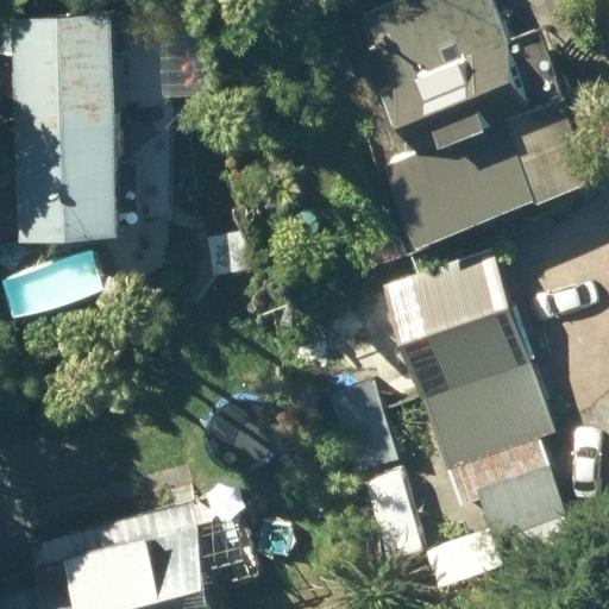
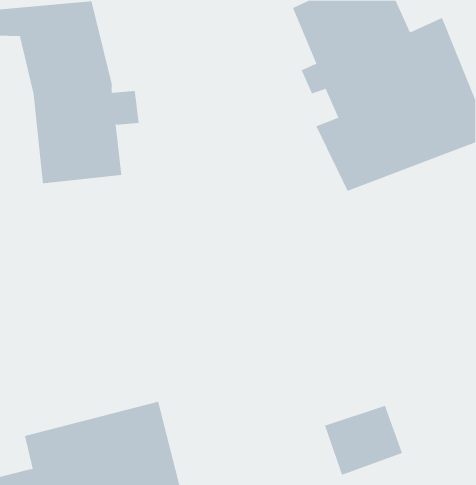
building: [379,252,552,515] -> none

